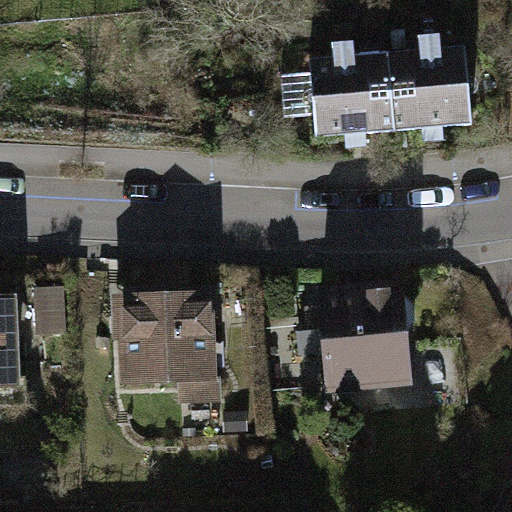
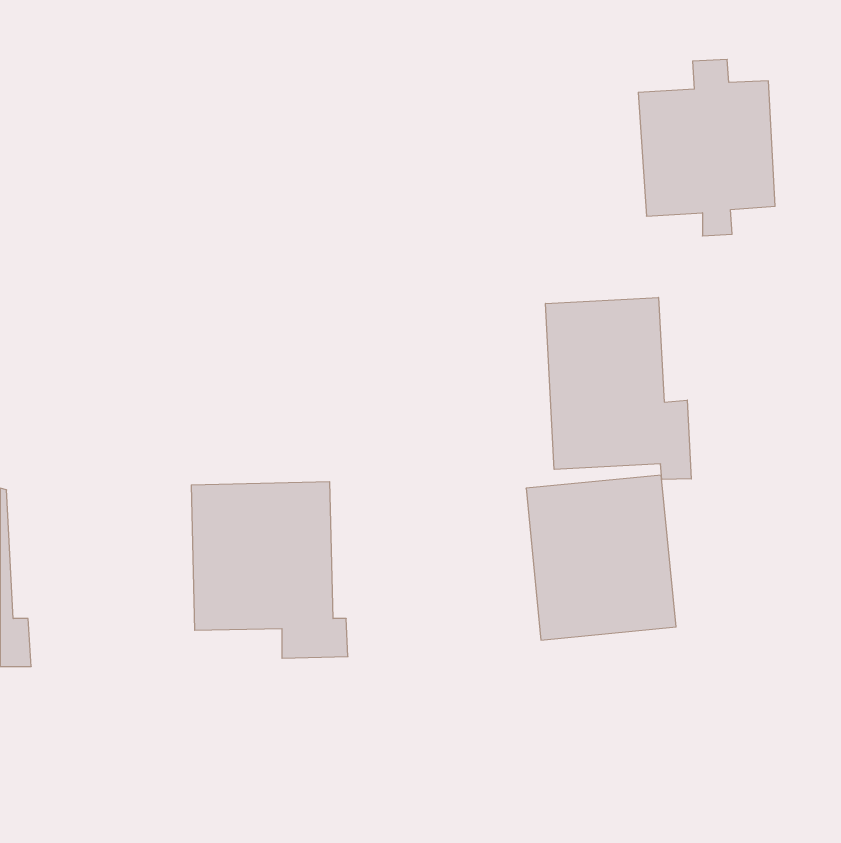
building: [309,44,393,148] -> none
building: none -> [546,297,691,480]

